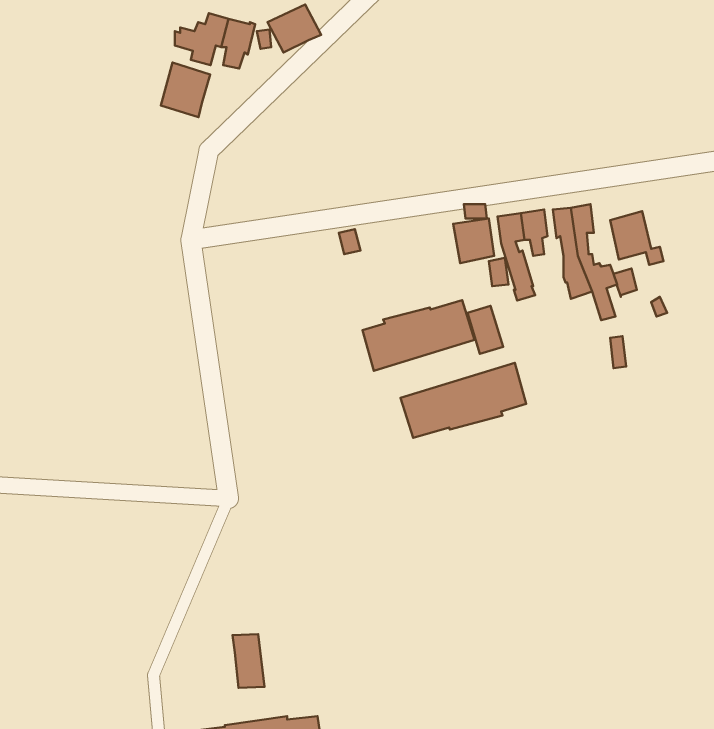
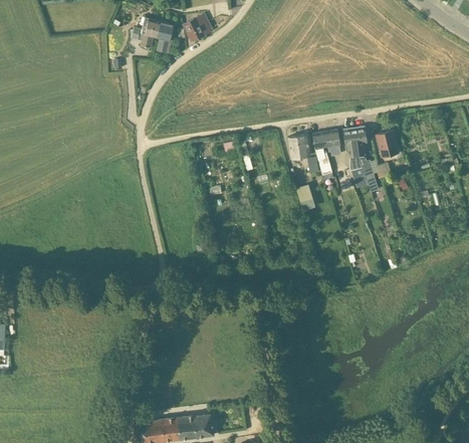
building: [161,63,210,117] -> none
building: [362,300,475,371] -> none
building: [400,363,526,438] -> none
building: [232,634,264,688] -> none

